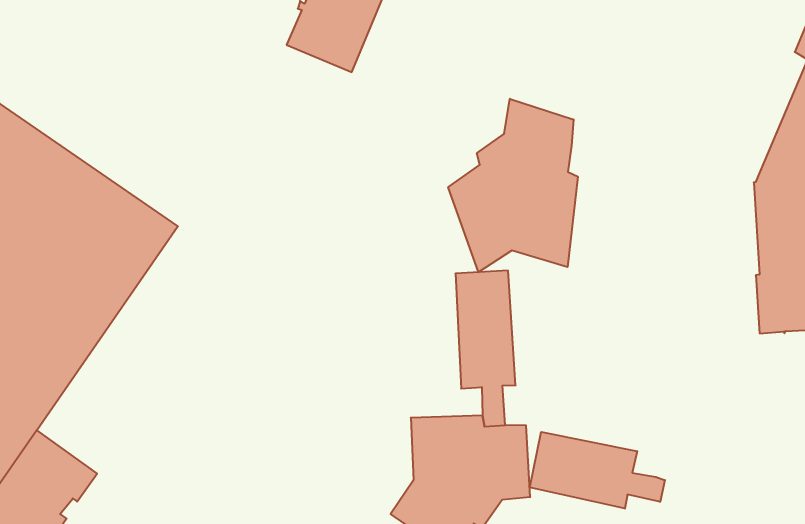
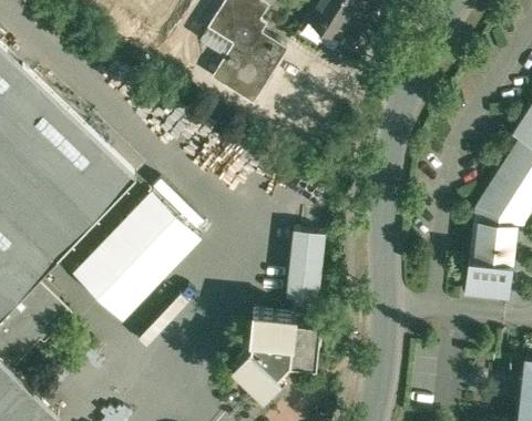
building: [448,99,578,272] -> none
building: none -> [76,191,200,316]
building: [530,432,665,509] -> none

